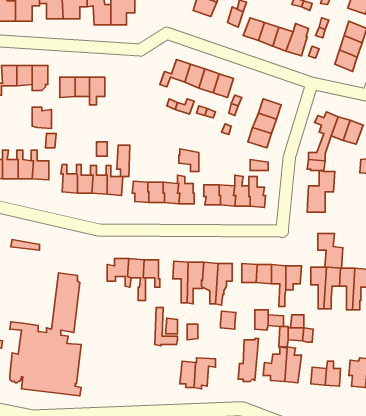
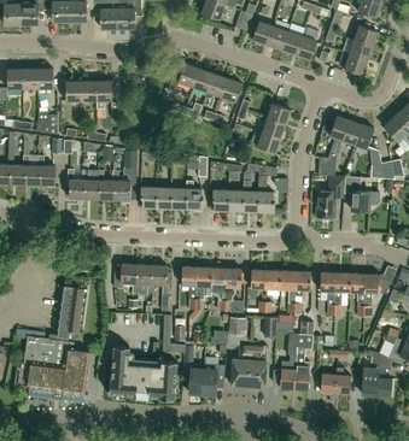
building: [318,234,343,268] -> [345,176,370,211]
building: none -> [110,345,177,401]
building: none -> [230,346,253,386]

